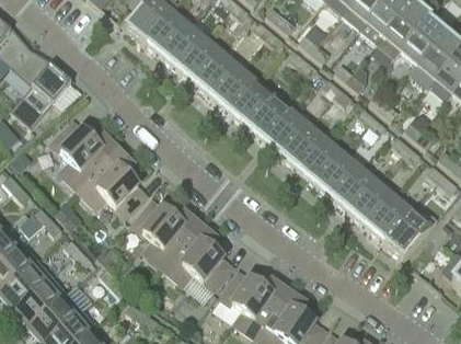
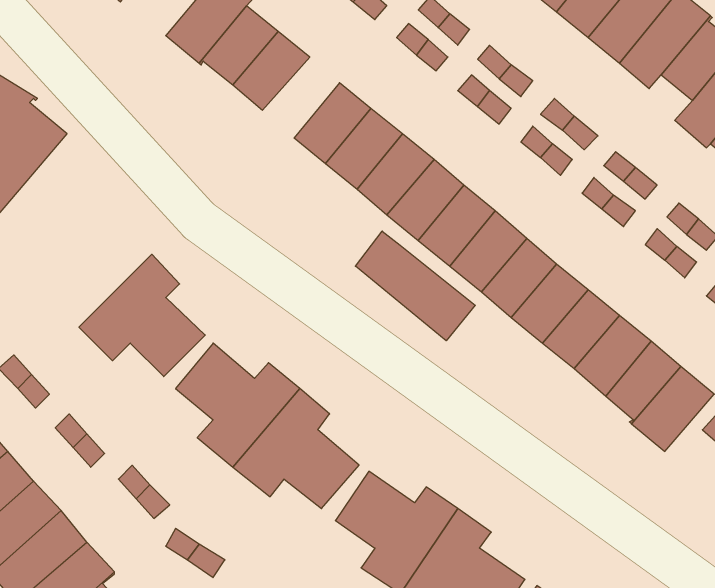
building: [177,38,220,83] -> none
building: [48,119,116,188] -> none
building: none -> [355,231,475,341]

